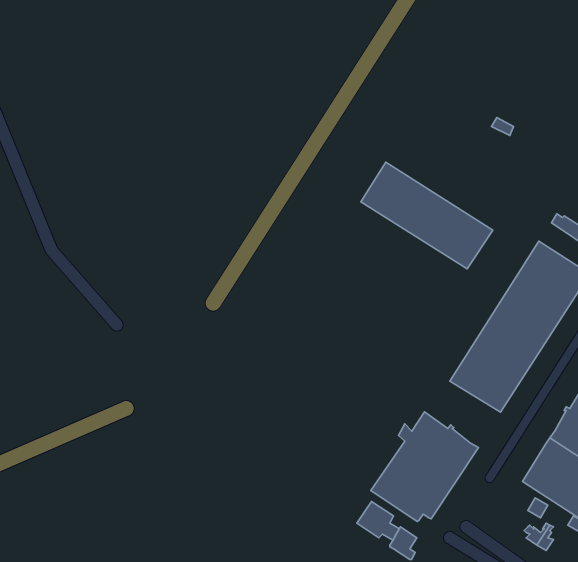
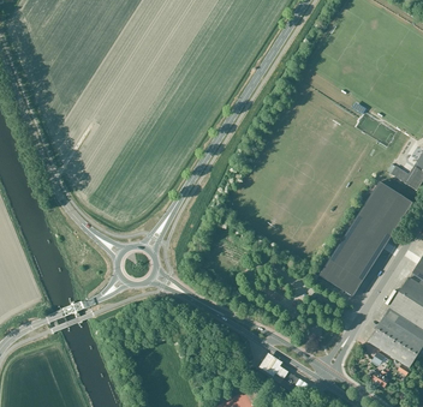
building: [361,162,493,269] -> none
building: [371,412,479,522] -> none

